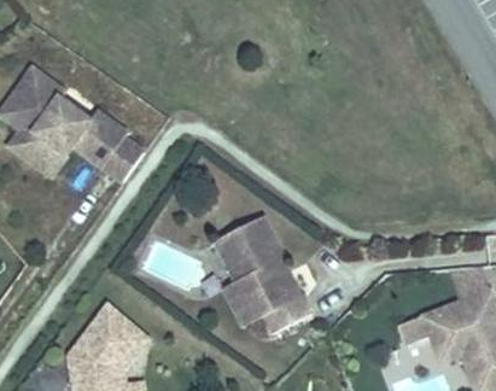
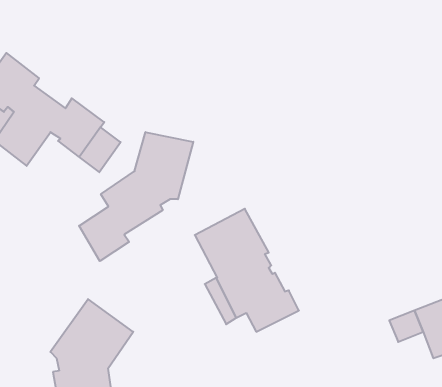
building: none -> [79,132,193,261]

